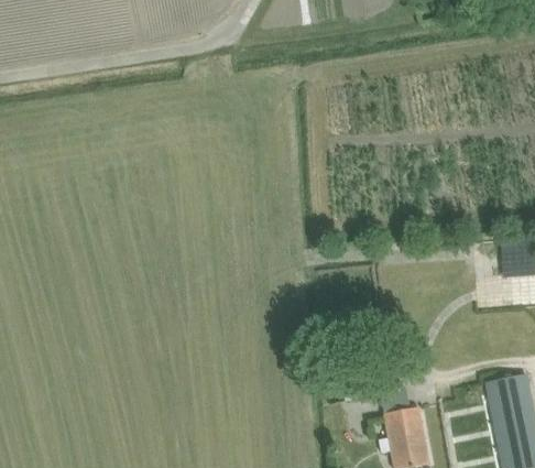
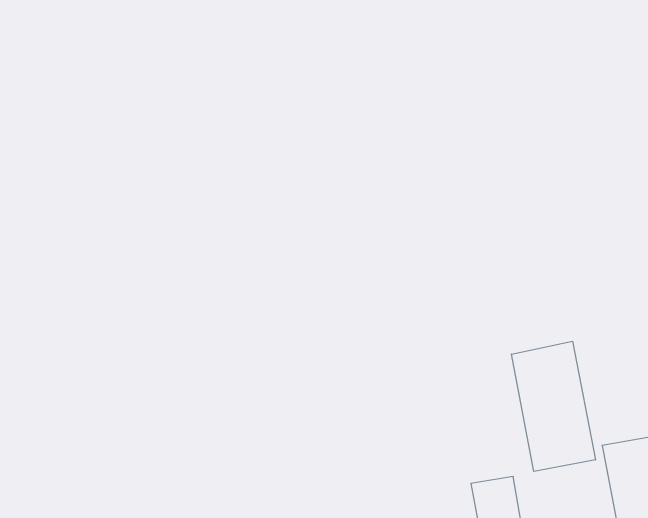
building: none -> [511,341,595,471]

